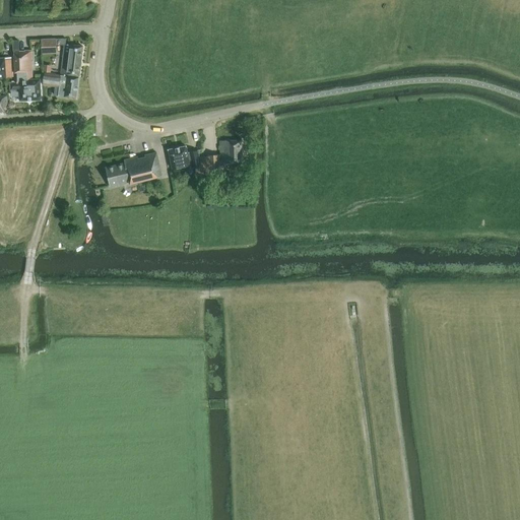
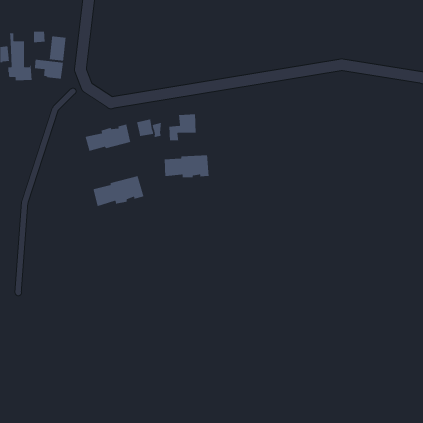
building: none -> [164,155,210,178]
building: none -> [92,175,145,207]

